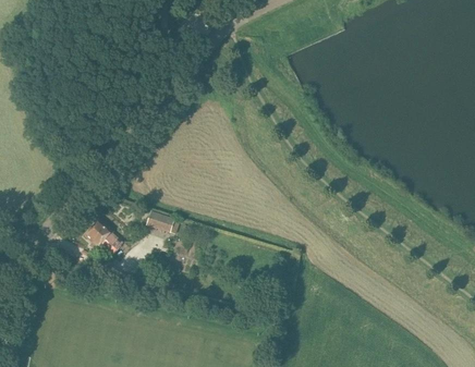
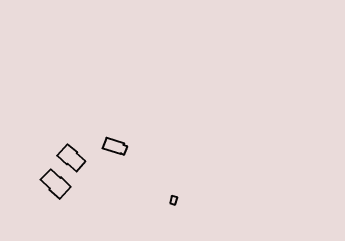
building: none -> [40,169,71,199]

